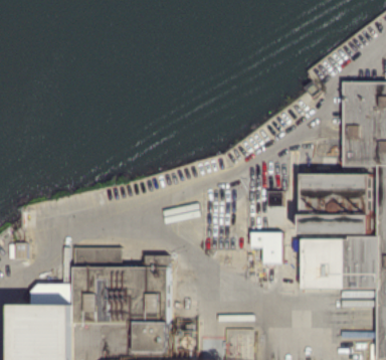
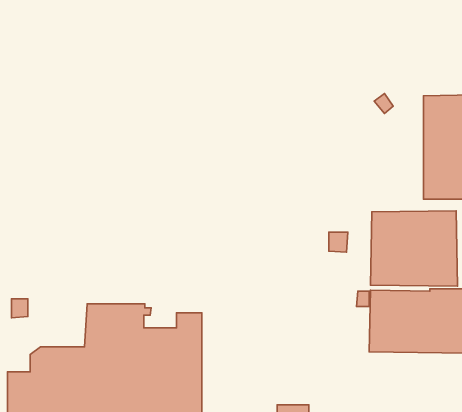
building: [249,233,280,263] -> none

